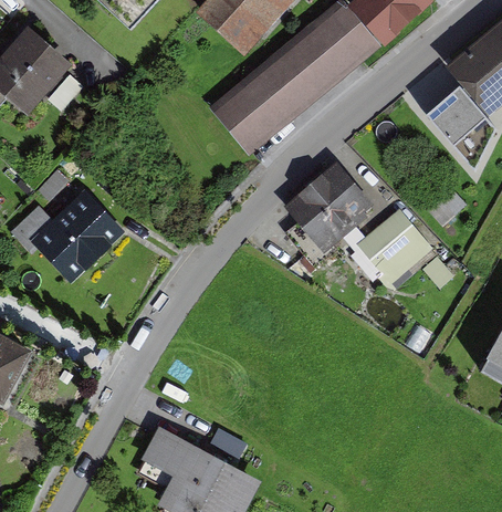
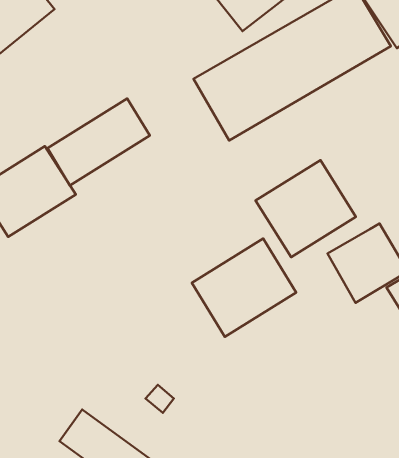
building: none -> [47,98,150,185]
building: none -> [192,239,296,337]

